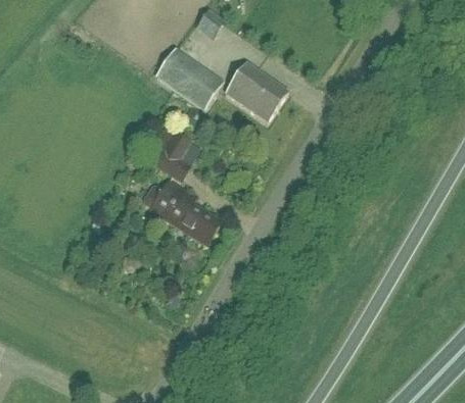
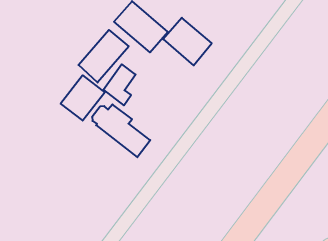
building: none -> [78,30,129,83]
building: none -> [61,75,105,121]

